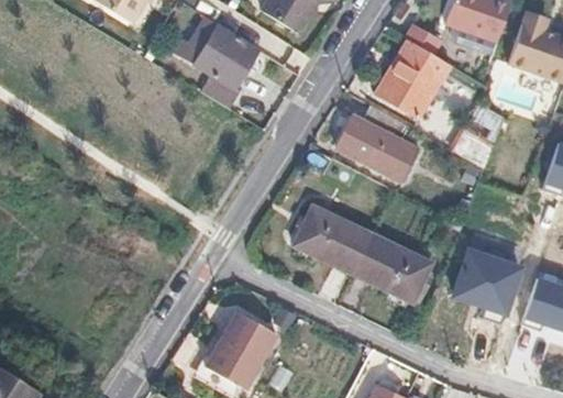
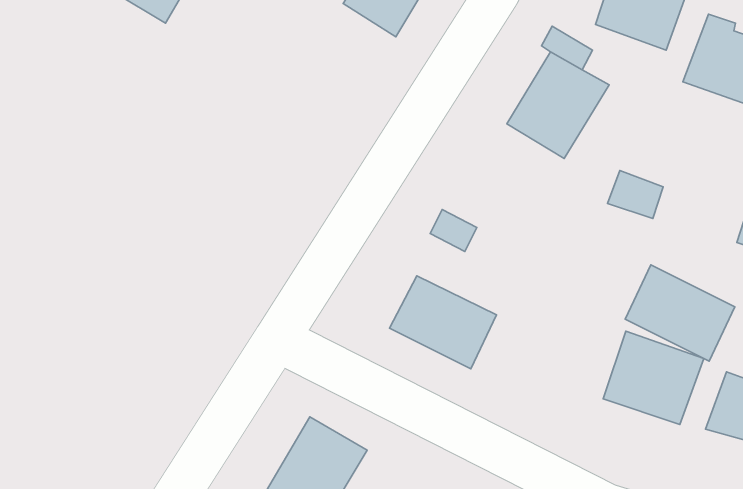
building: [172,15,256,107] -> none
building: [335,104,419,181] -> none
building: [352,234,432,305] -> [625,265,735,361]

